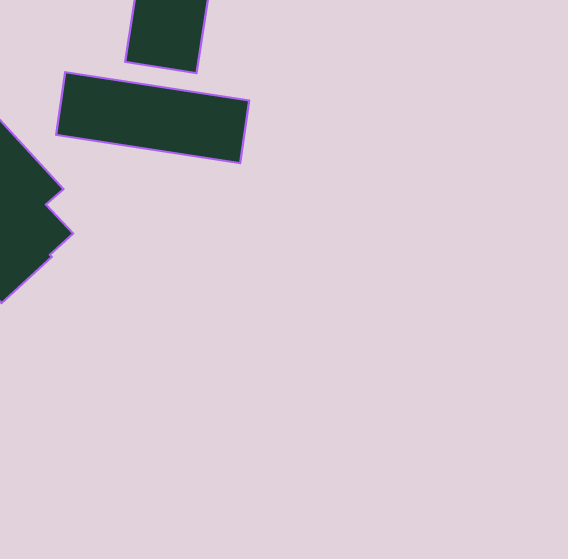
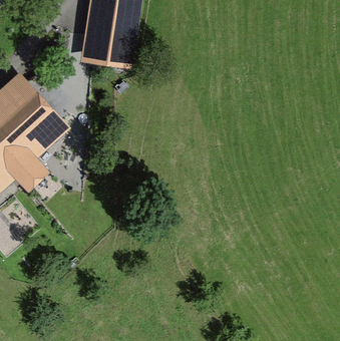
building: [56,72,249,163] -> none

